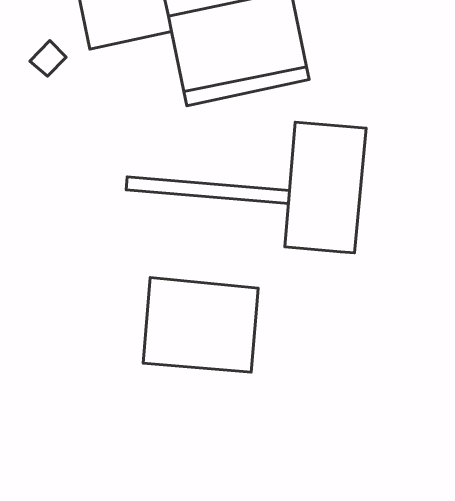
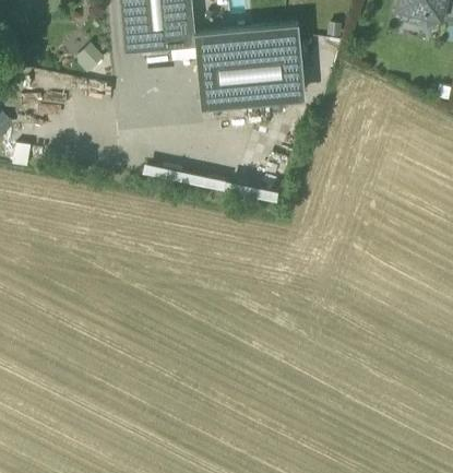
building: [285,122,366,253] -> none
building: [143,277,258,372] -> none

